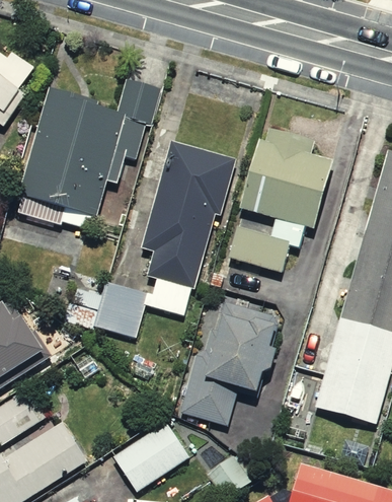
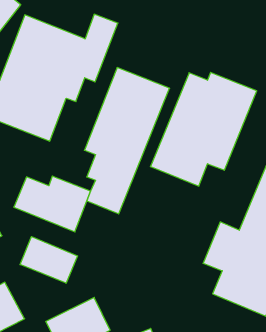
building: [179,299,281,426] -> none
building: none -> [20,237,78,283]

